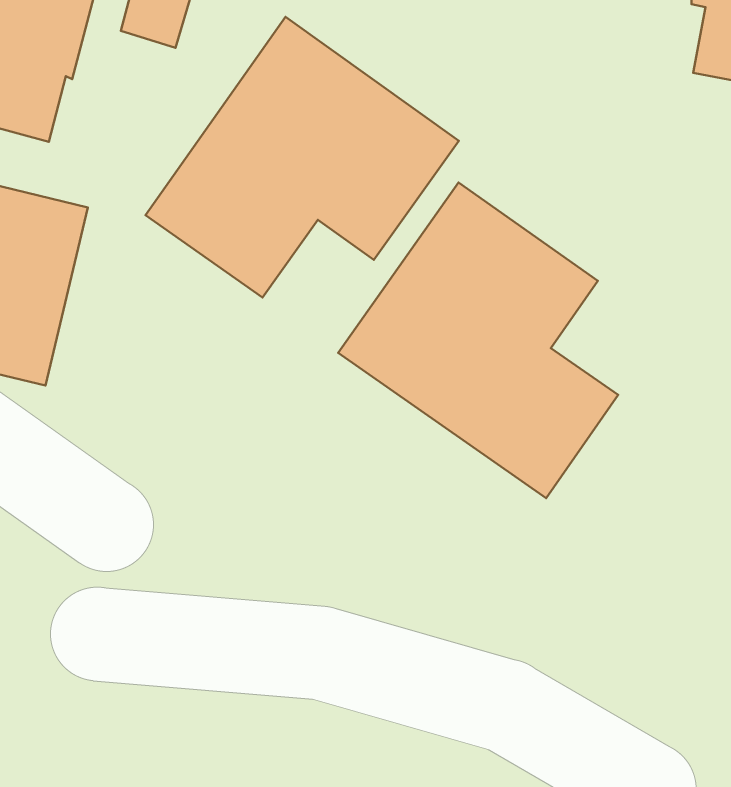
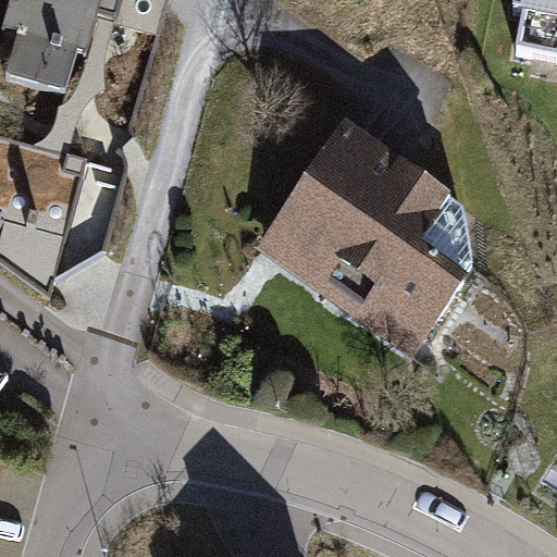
building: [145,17,459,298] -> none

